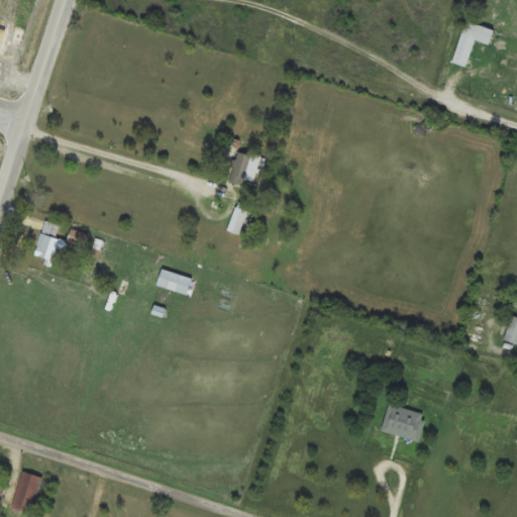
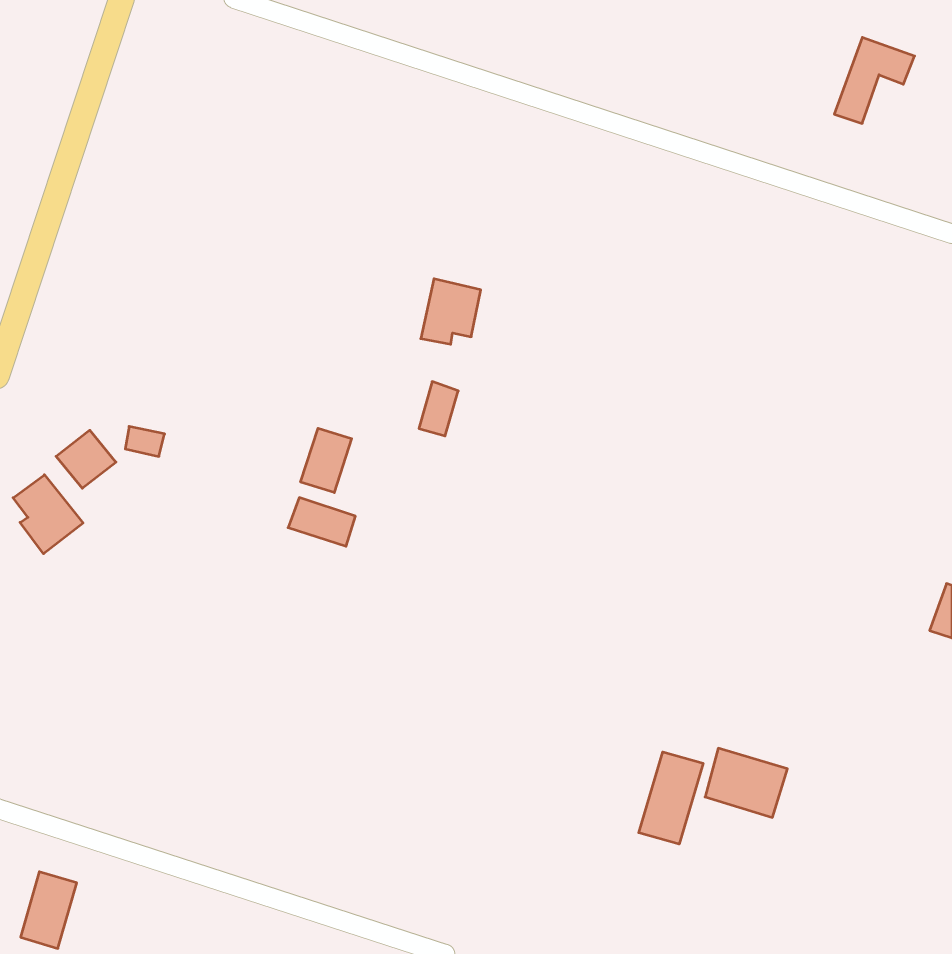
building: none -> [301,428,352,493]
building: none -> [13,475,83,554]
building: none -> [639,752,703,844]

